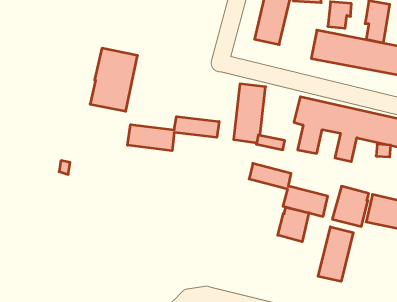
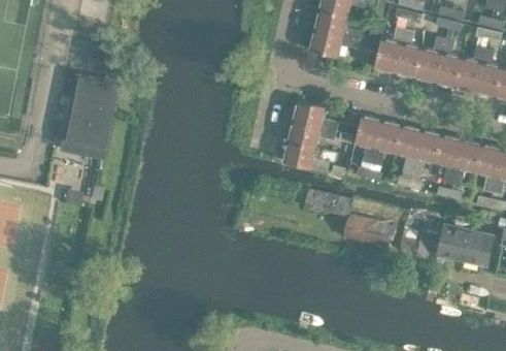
building: [90,48,138,111] -> [64,78,117,150]
building: [128,117,219,151] -> none
building: [278,207,309,242] -> none
building: [318,227,353,281] -> none

